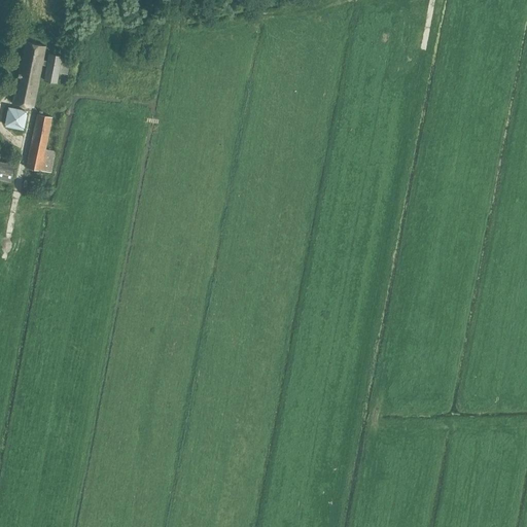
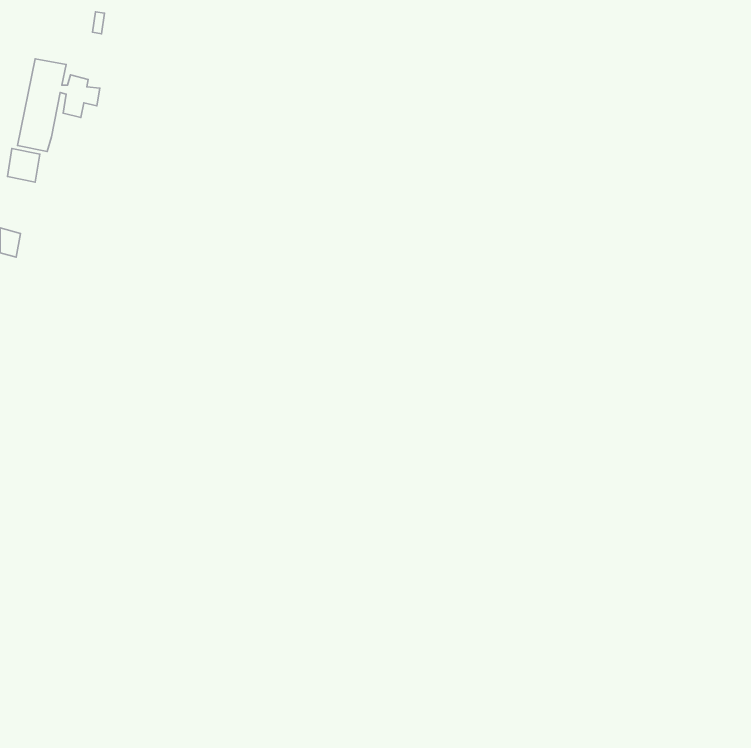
building: [27,115,56,173] -> none

